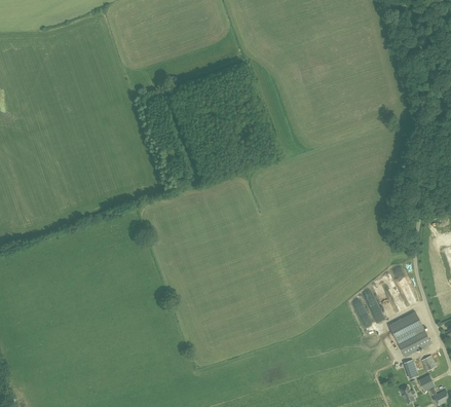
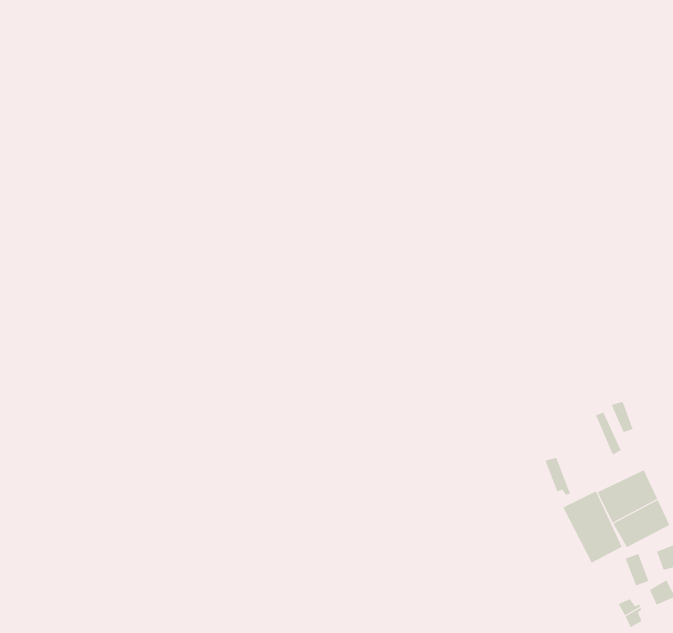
building: none -> [563,491,623,564]

